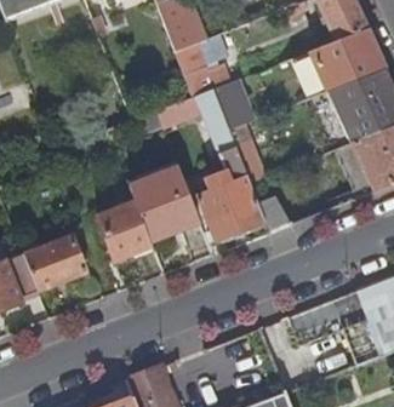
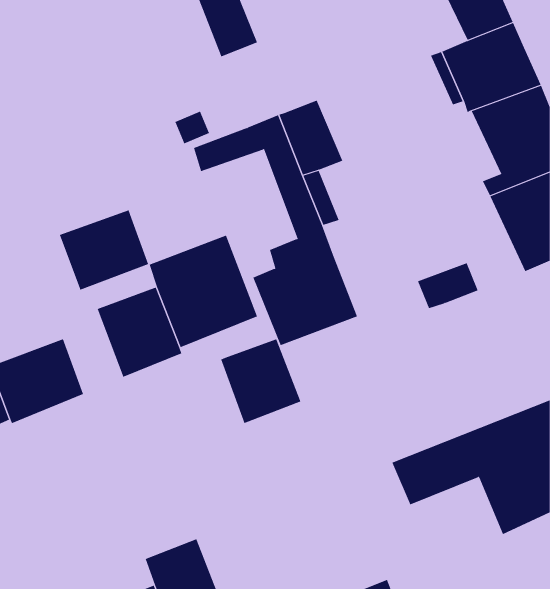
building: [176,40,217,96] -> none
building: none -> [59,210,149,291]
building: none -> [221,338,301,424]

